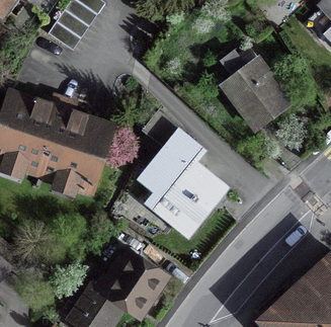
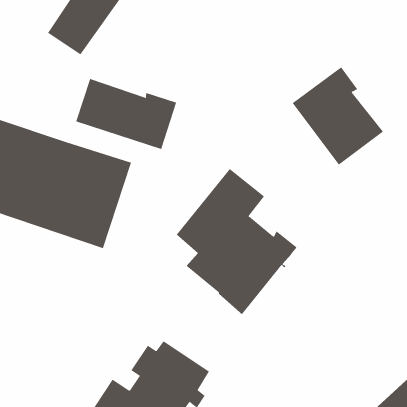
building: none -> [76,78,177,150]

